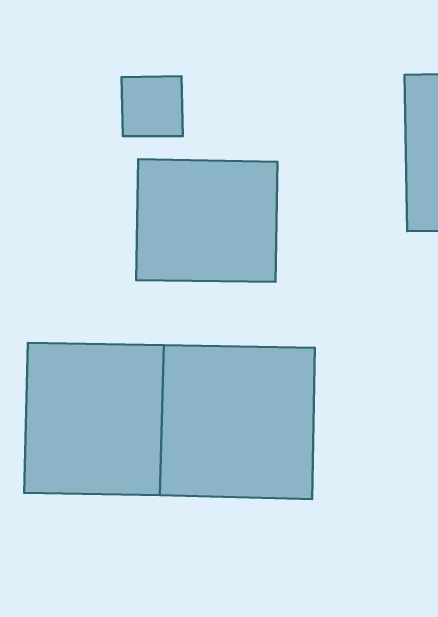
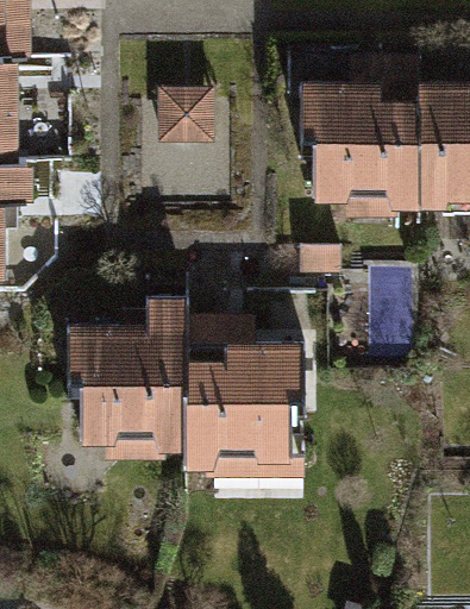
building: none -> [299,71,408,219]
building: [136,159,278,282] -> none

